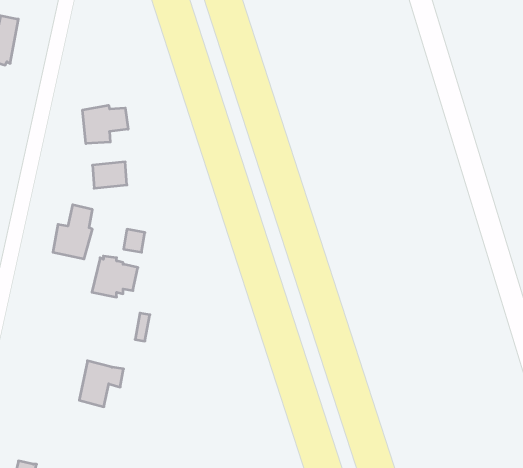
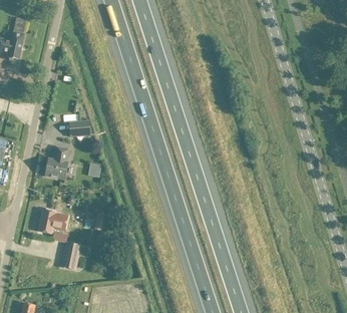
building: [83,105,128,144] -> none
building: [92,256,138,297] -> [39,208,67,233]

